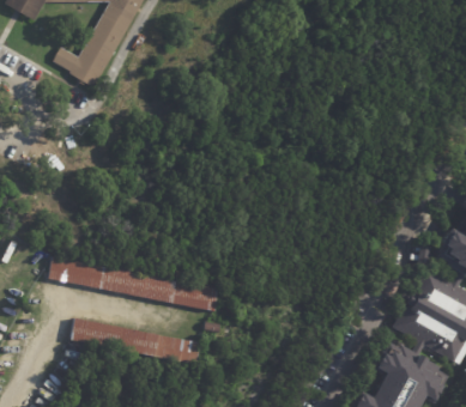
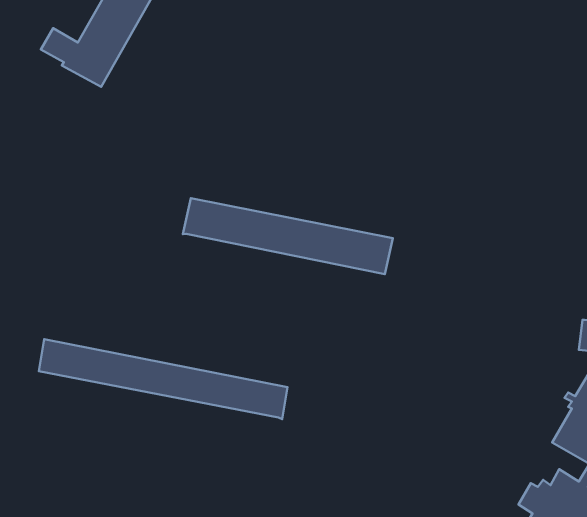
building: none -> [183,198,393,274]
building: [71,317,201,365] -> none

